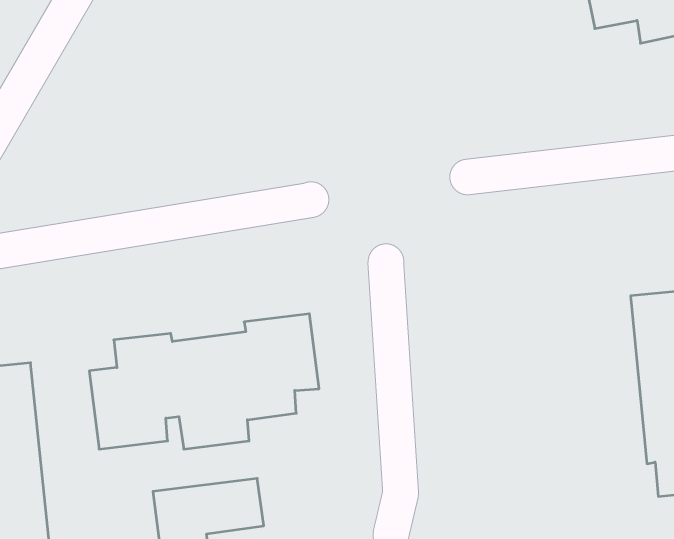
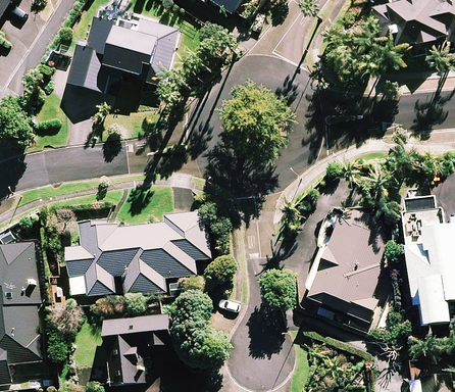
building: none -> [68,20,176,91]
building: none -> [305,205,387,322]

